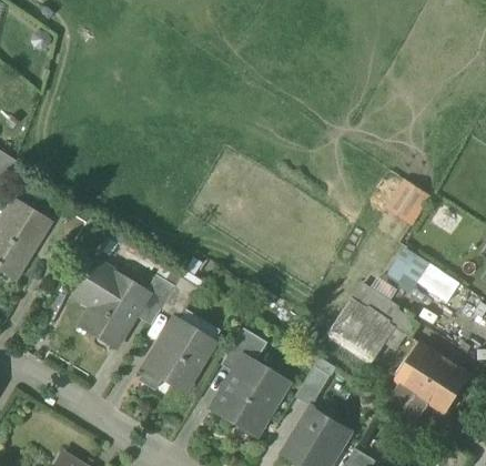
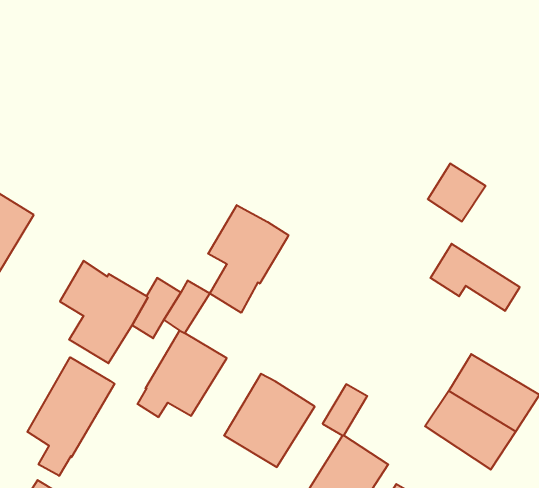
building: none -> [208,205,288,313]
building: [326,282,422,365] -> none
building: [222,330,267,373] -> none
building: none -> [27,357,115,476]

